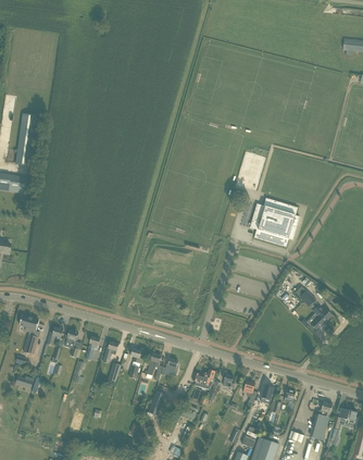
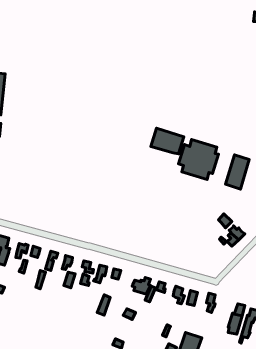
building: none -> [151,128,184,154]
building: none -> [225,155,249,189]

